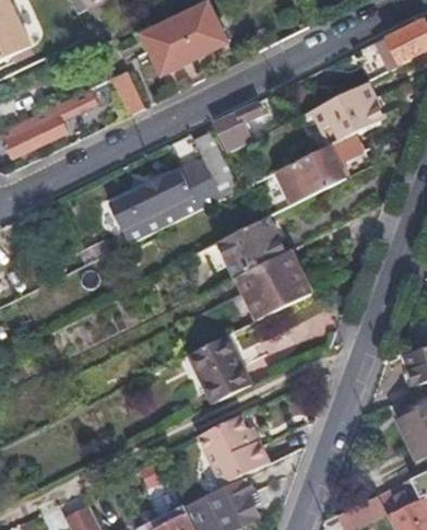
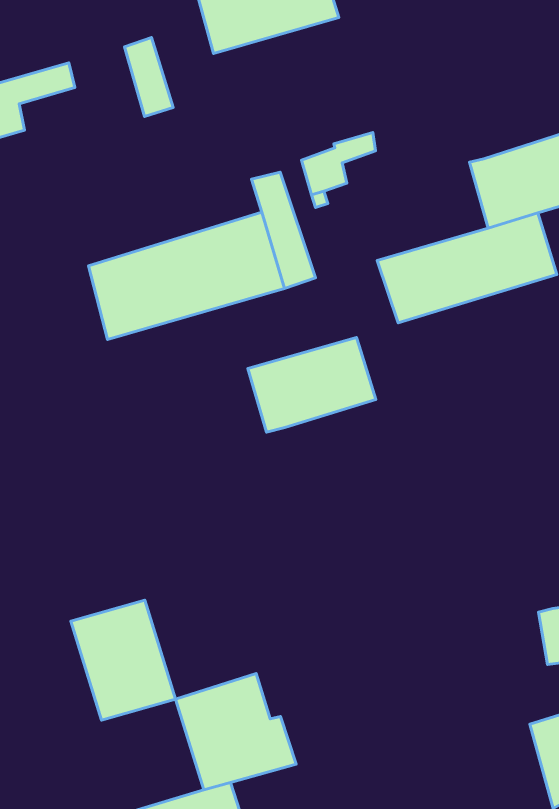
building: [235,248,311,319] -> none
building: [188,334,253,405] -> [71,600,176,720]

